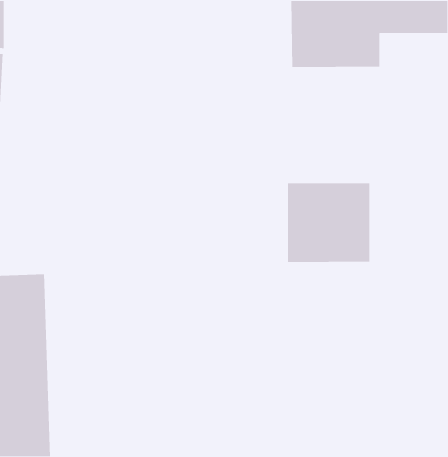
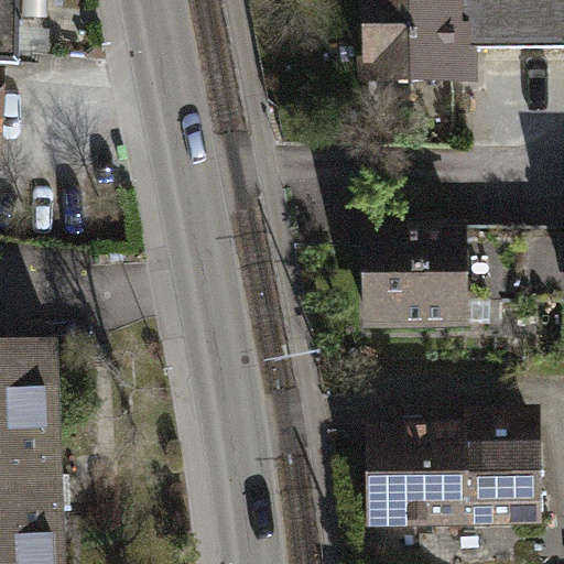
building: none -> [367,400,538,522]

